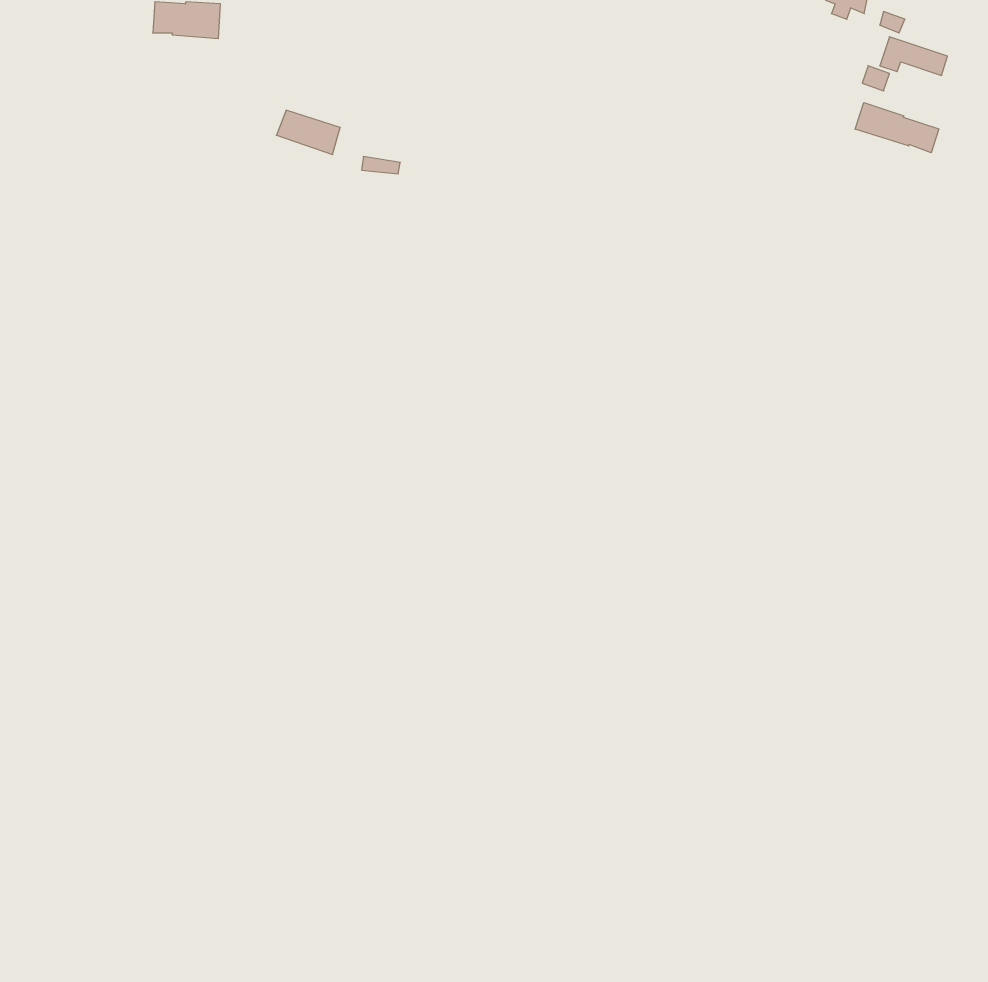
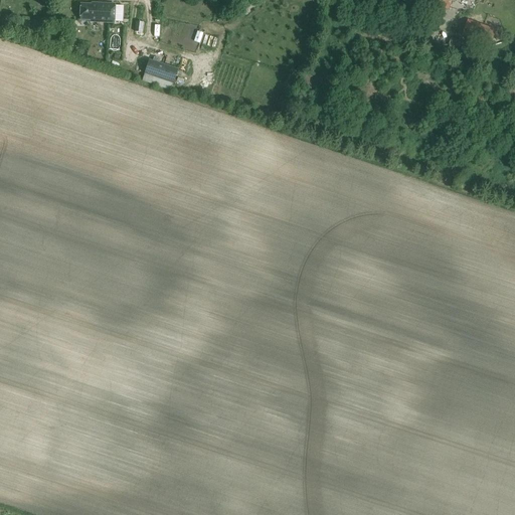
building: [855,103,939,153] -> none

